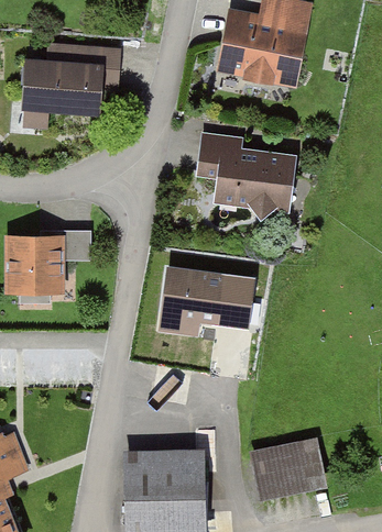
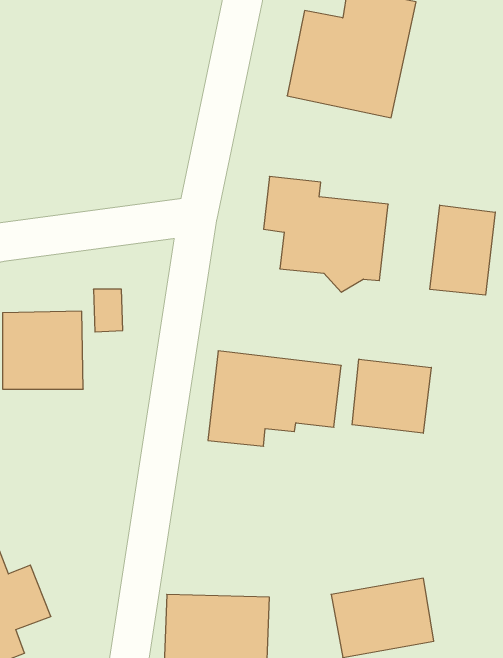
building: [21,45,121,115] -> none
building: none -> [430,205,495,295]
building: none -> [352,359,431,433]

